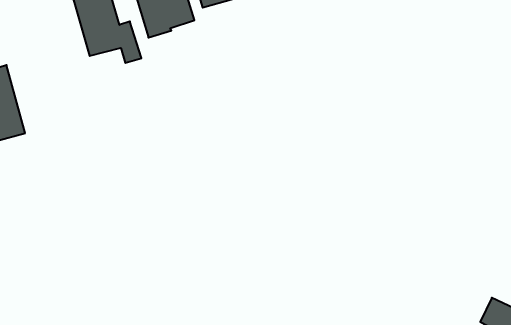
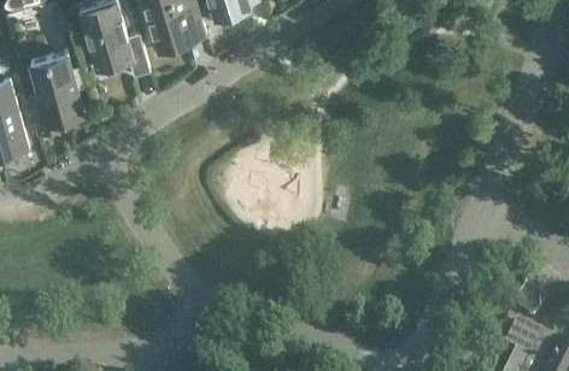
building: none -> [27,55,88,146]

